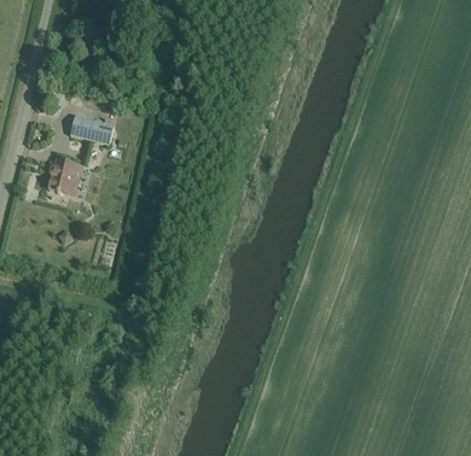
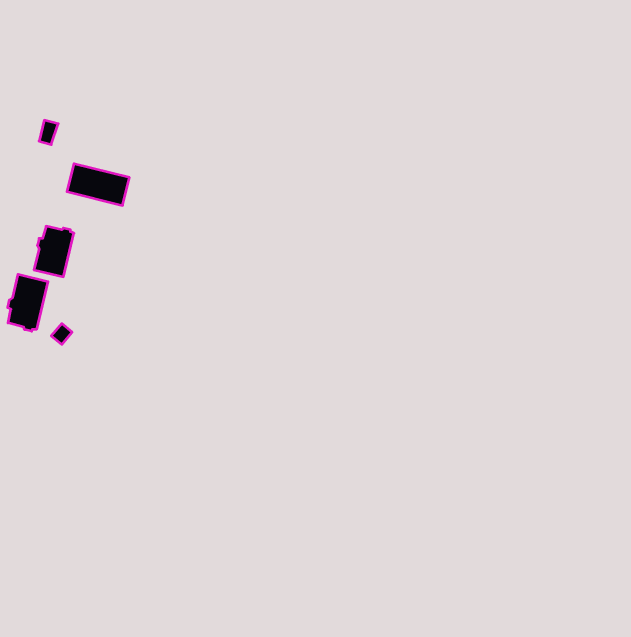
building: none -> [8,274,48,331]

